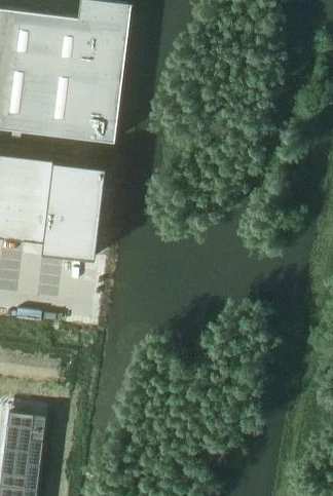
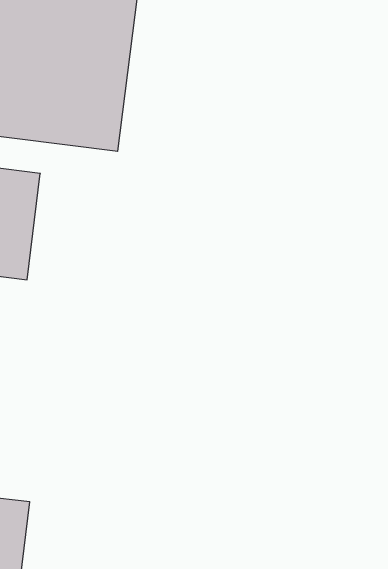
building: [41,160,105,259] -> none

